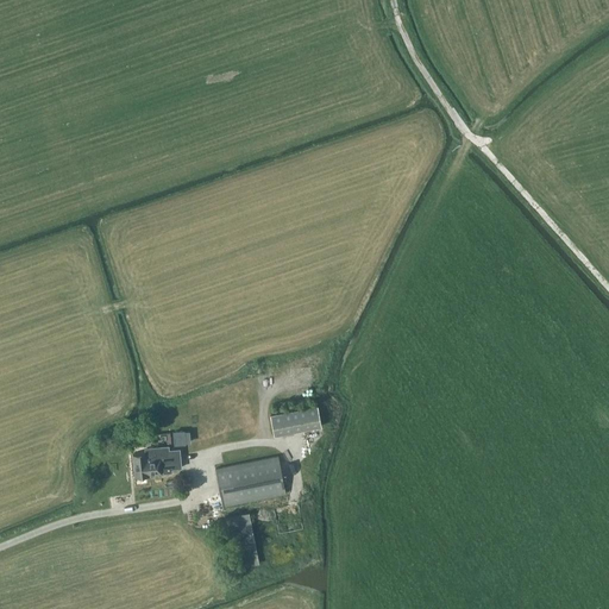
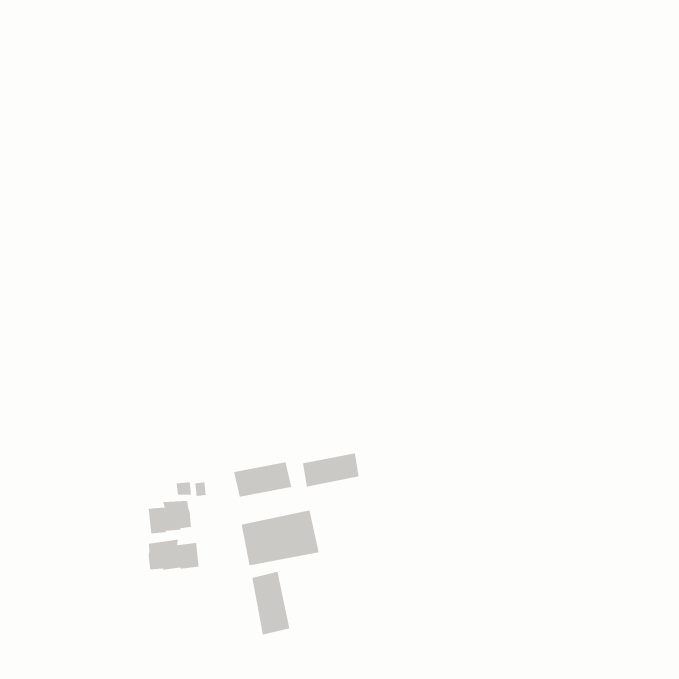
building: none -> [234,461,292,498]
building: none -> [148,539,199,570]

